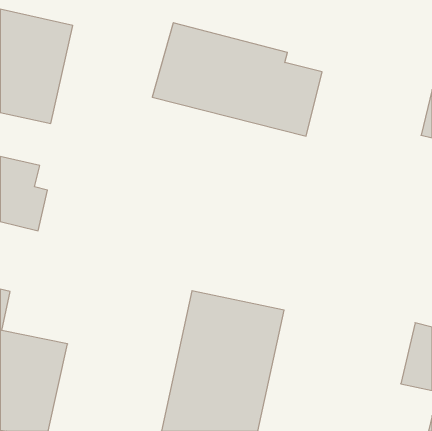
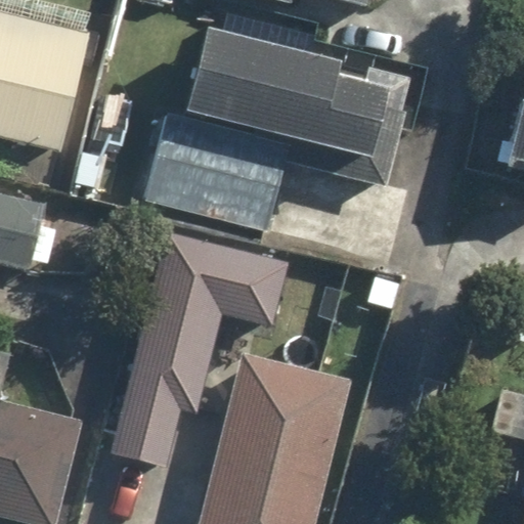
building: none -> [149,121,286,229]
building: none -> [111,239,286,464]

